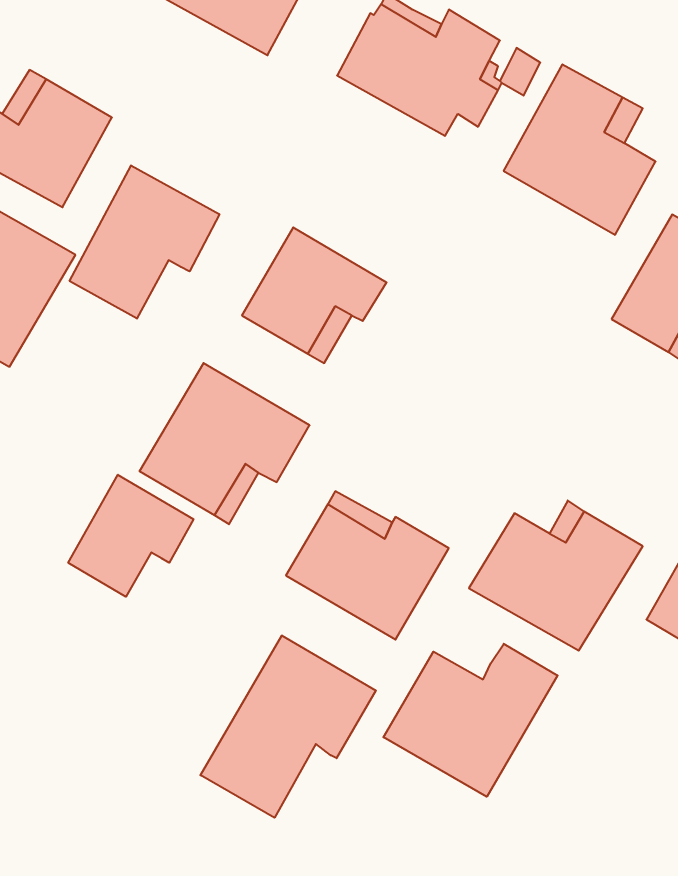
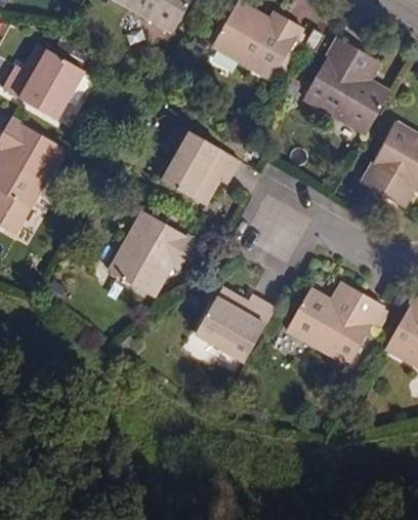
building: [70,165,219,319] -> none
building: [68,475,193,597] -> none
building: [200,635,376,818] -> none
building: [383,644,558,797] -> none

